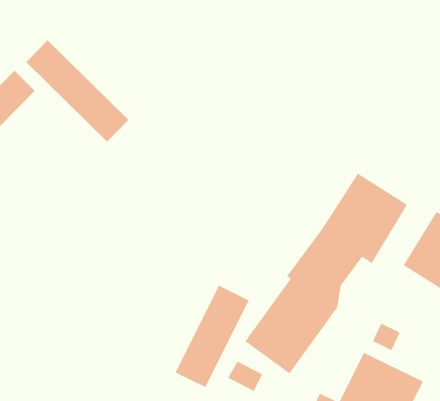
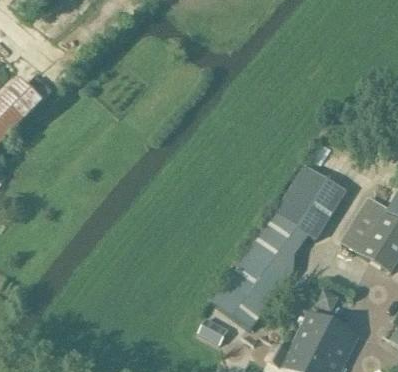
building: [25,40,129,143] -> none
building: [175,285,249,388] -> none

